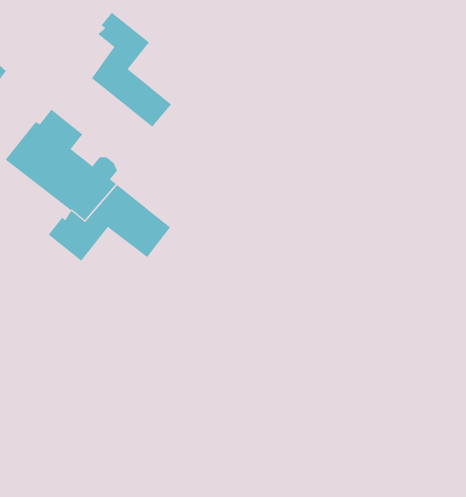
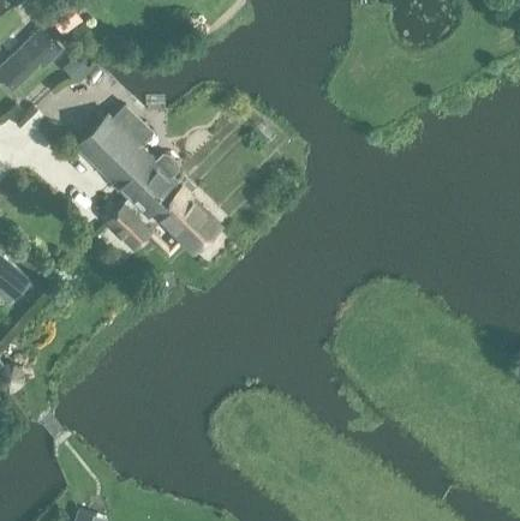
building: [91,12,172,127] -> none

